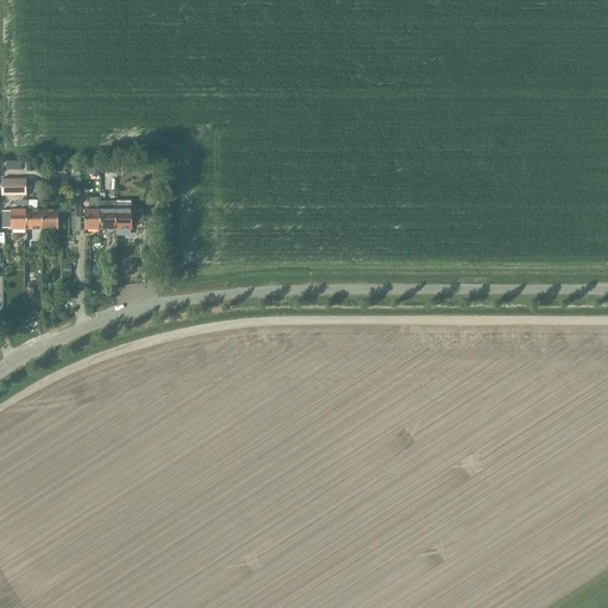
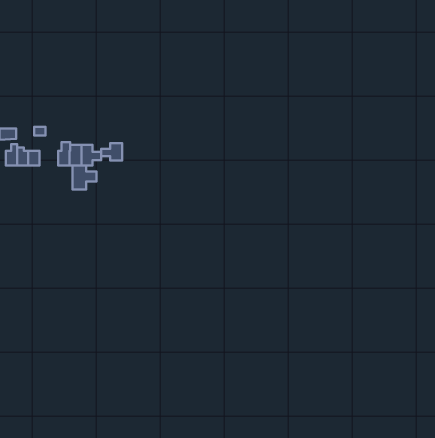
building: none -> [101,143,122,161]
building: none -> [72,165,96,190]

